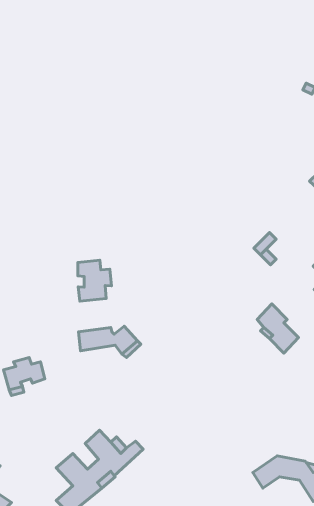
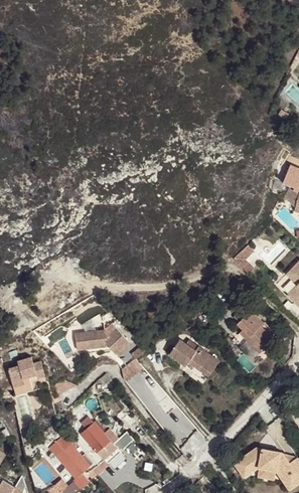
building: [78,260,111,301] -> none
building: none -> [168,338,218,375]

